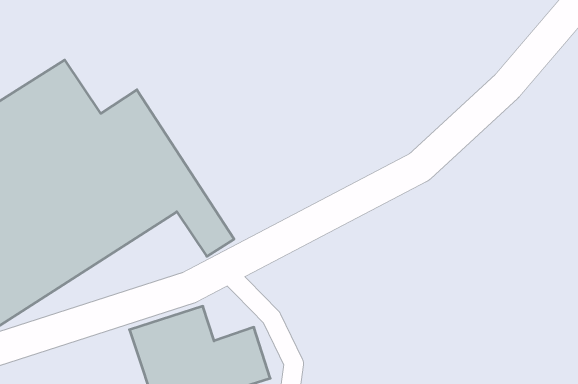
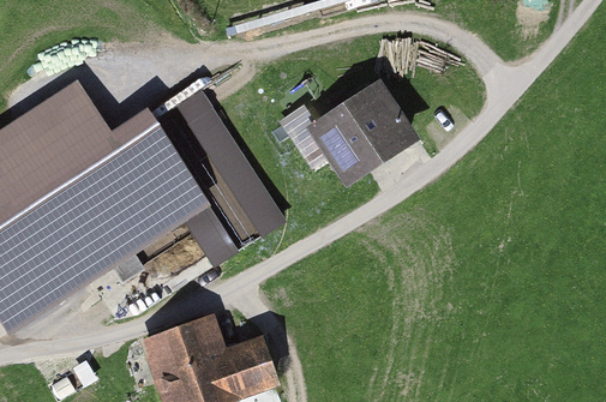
building: none -> [306,78,421,188]
building: none -> [176,89,287,235]

